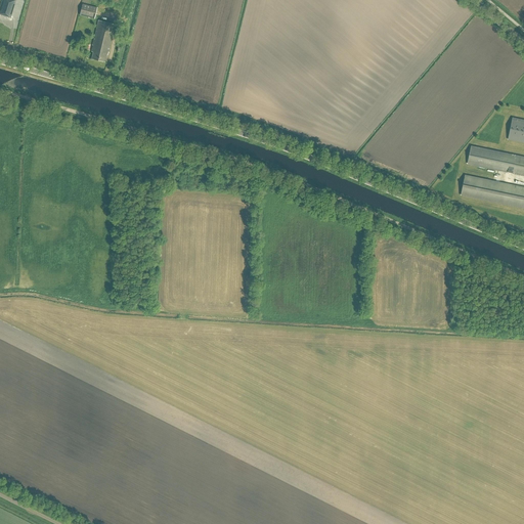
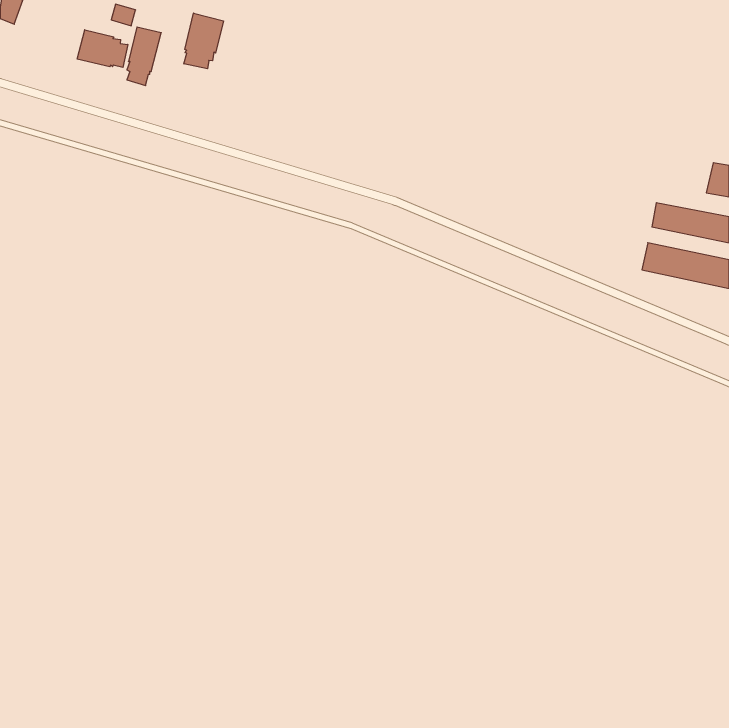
building: none -> [184,13,223,69]
building: none -> [77,30,128,67]

